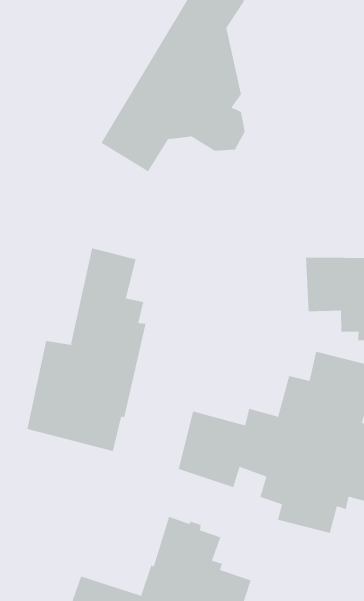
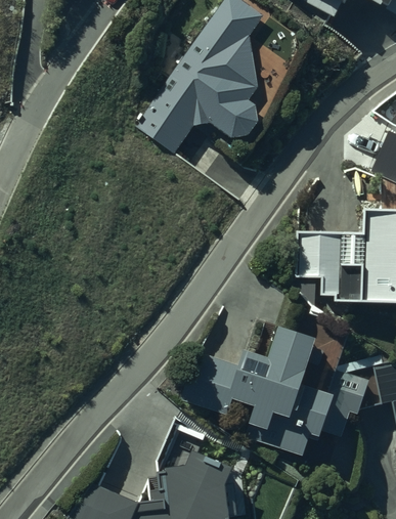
building: [27,247,146,452] -> none

